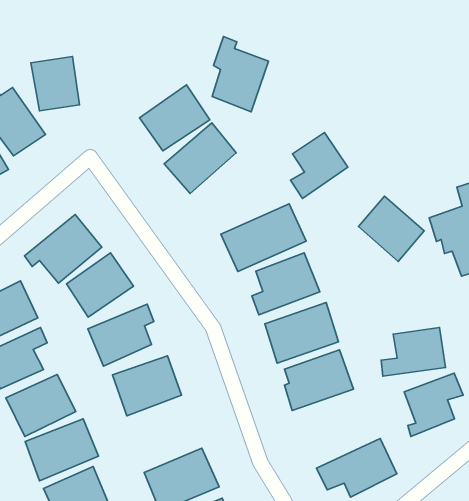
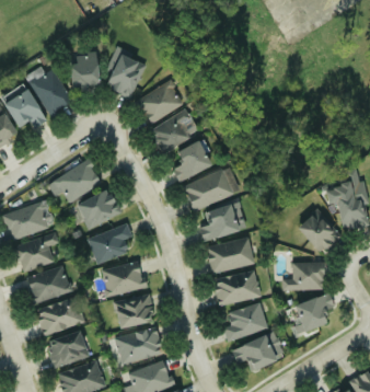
building: [212,37,268,112] -> [105,46,146,99]
building: [291,132,348,198] -> [172,140,211,183]
building: [358,196,424,261] -> [297,210,340,255]
building: none -> [222,303,267,343]
building: none -> [113,296,154,330]

